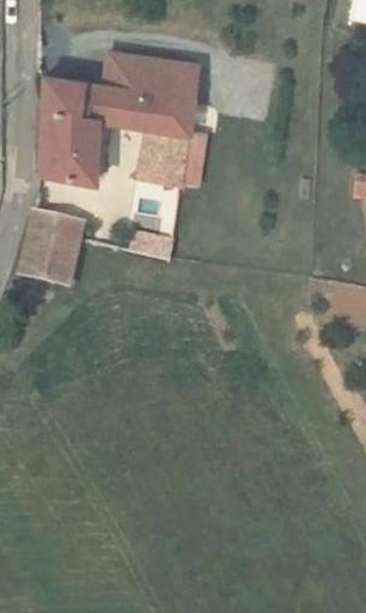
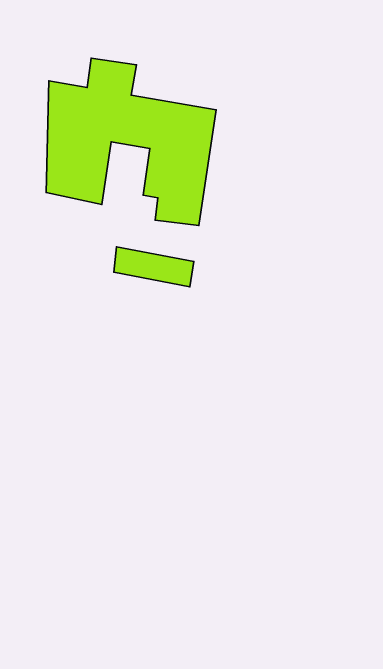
building: [124,51,207,102] -> none
building: [18,210,87,284] -> none

